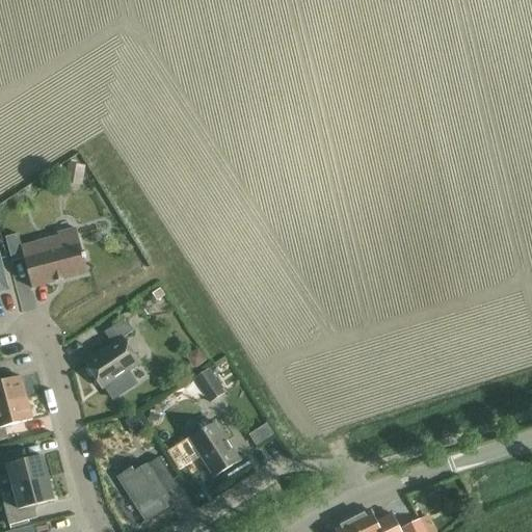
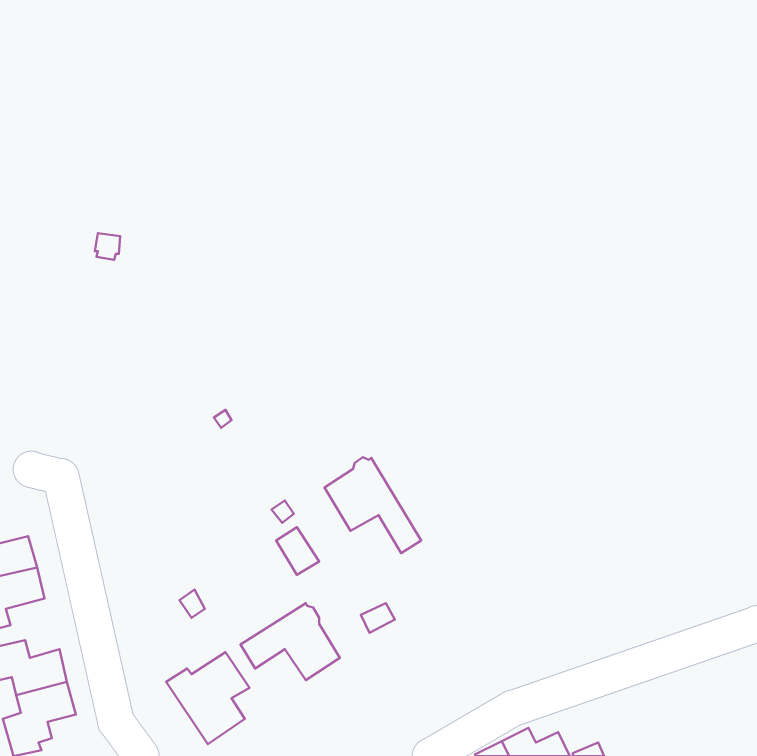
building: [5,228,87,287] -> none
building: [84,317,139,397] -> none
building: none -> [325,457,421,553]

